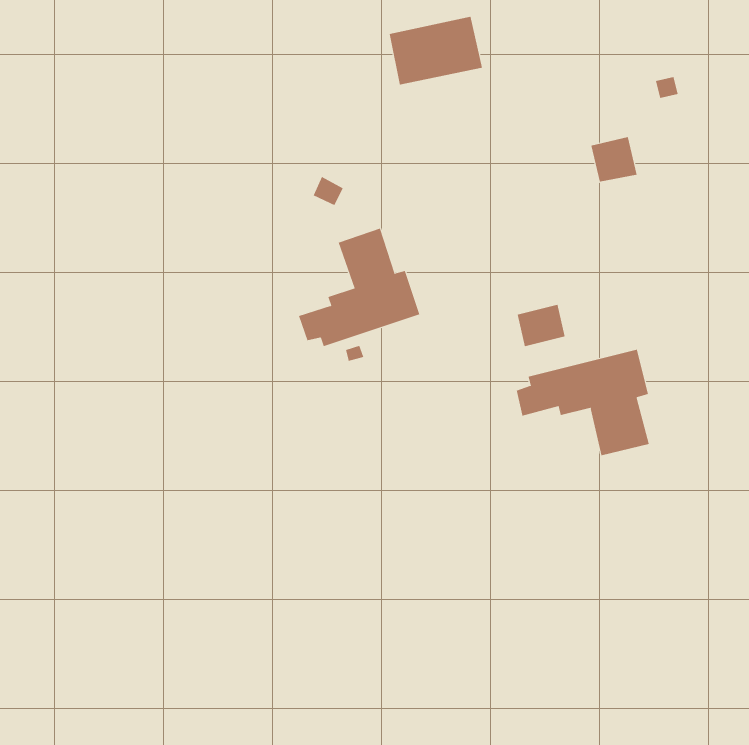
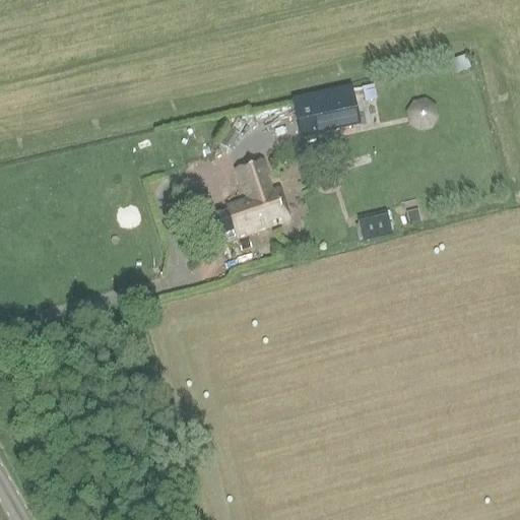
building: [389,16,483,85] -> [294,86,359,134]
building: [516,349,649,456] -> none

